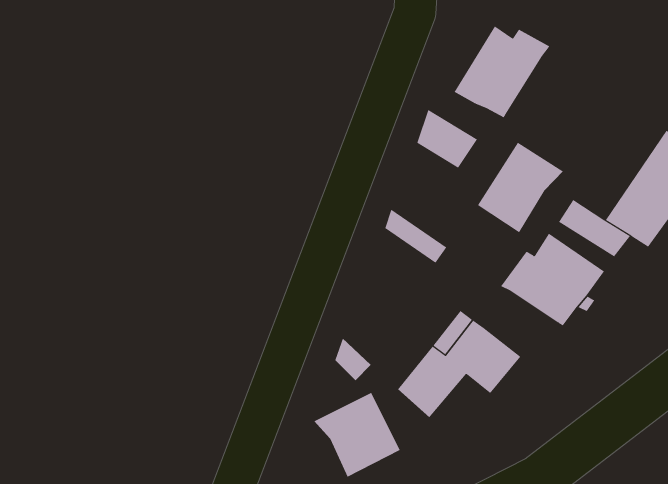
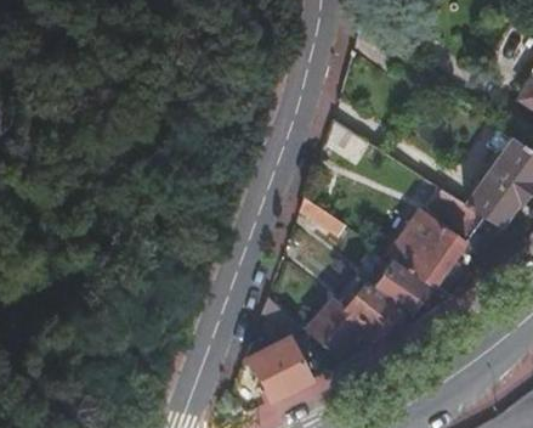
building: [454,26,550,118] -> none
building: [477,142,564,233] -> none
building: none -> [375,259,431,314]

